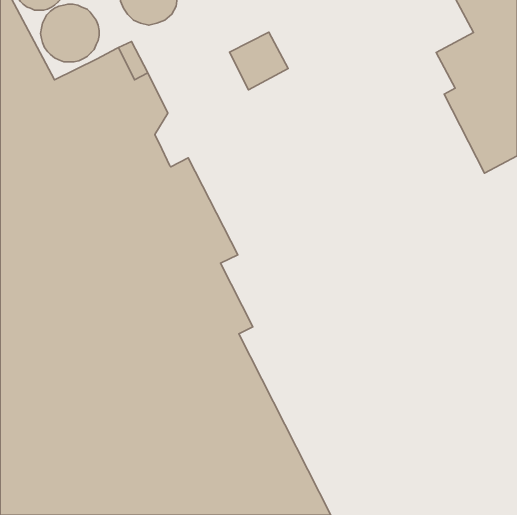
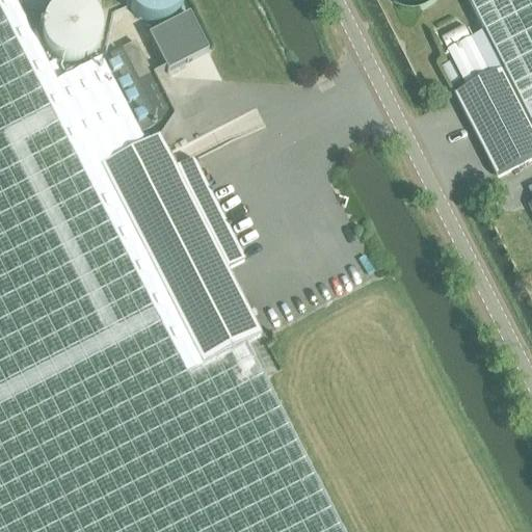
building: [229,32,288,90] -> [148,15,208,74]

